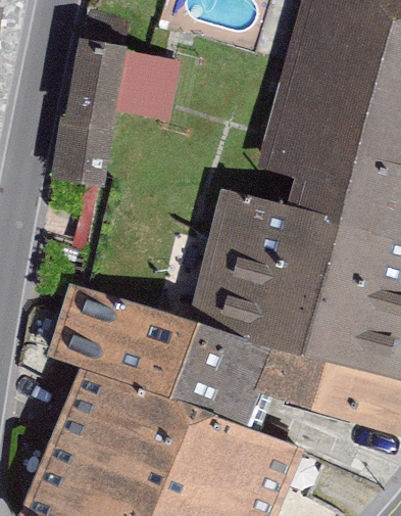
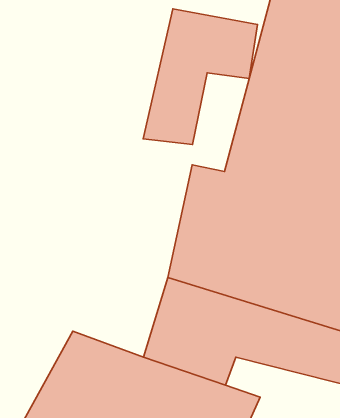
building: [50,45,176,194] -> [143,9,258,145]
building: [36,275,194,402] -> none

